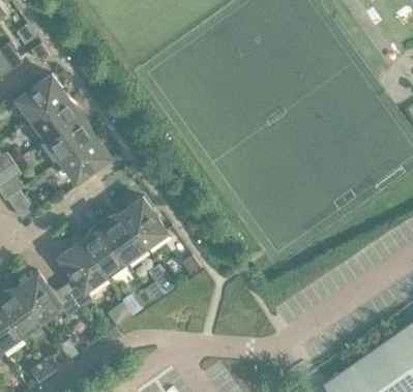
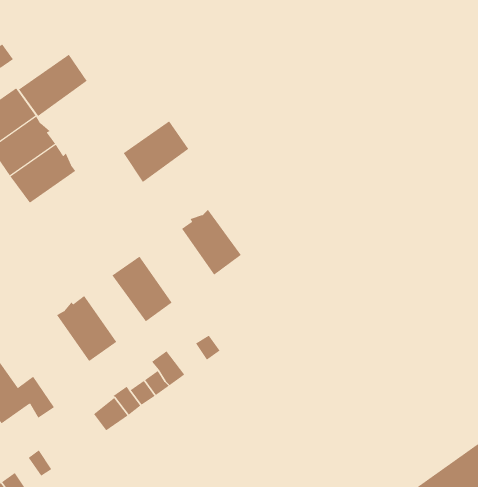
building: none -> [18,54,88,117]
building: [61,137,110,182] -> [123,121,189,183]
building: [101,213,146,262] -> [181,209,242,275]
building: [60,242,105,309] -> none

